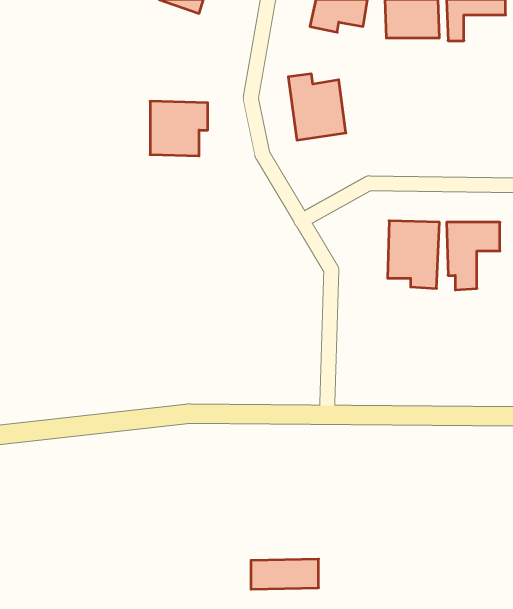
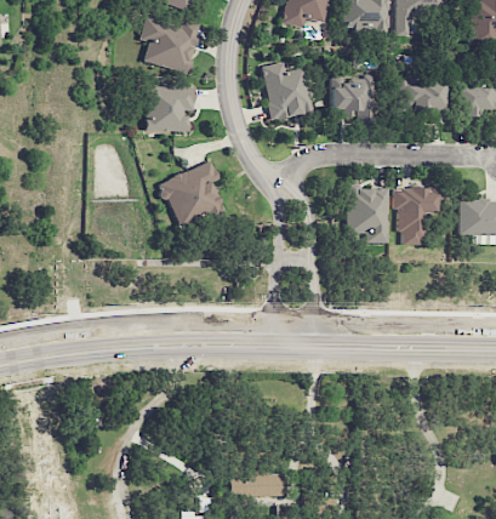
building: none -> [138,18,200,74]
building: none -> [331,74,374,121]
building: none -> [397,78,444,122]
building: none -> [159,161,223,229]

